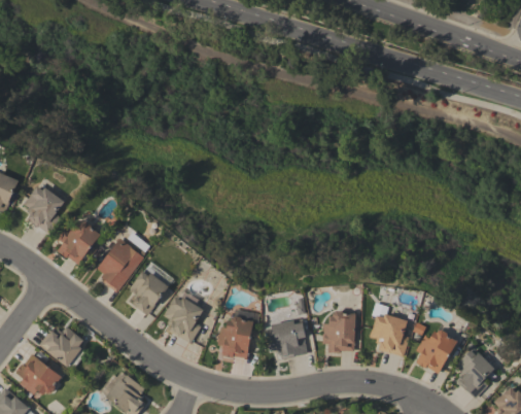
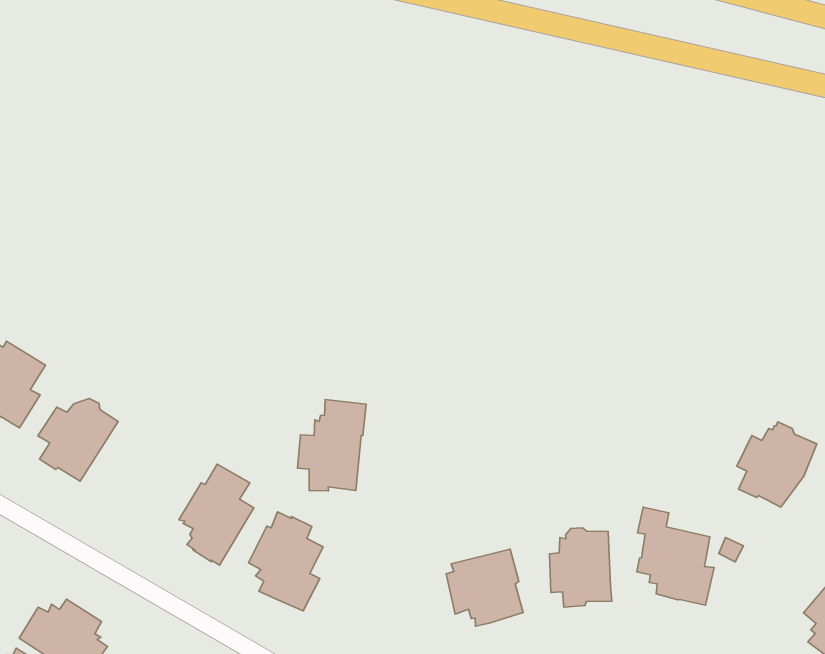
building: [97,238,144,292] -> none
building: [217,309,256,358] -> [298,400,366,491]
building: [416,329,459,374] -> [737,422,817,507]

